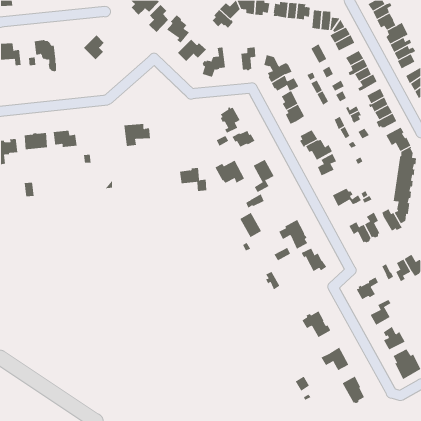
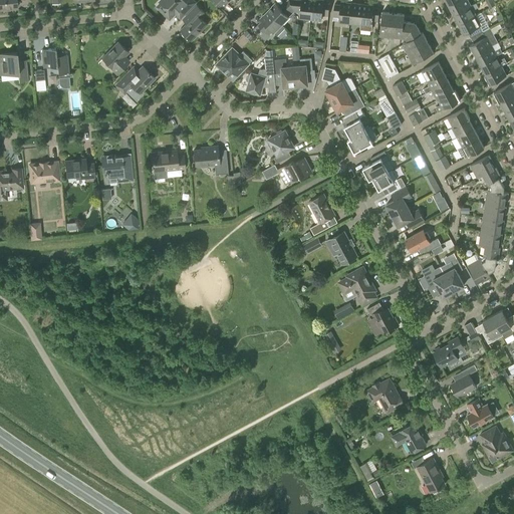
building: [166,15,190,44] -> none
building: none -> [274,58,295,87]
building: none -> [115,66,154,100]
building: none -> [100,155,131,182]
building: [215,160,245,184] -> none
building: [179,167,207,191] -> [193,146,227,175]
building: none -> [392,207,423,227]
building: [240,212,262,238] -> [329,232,356,263]

